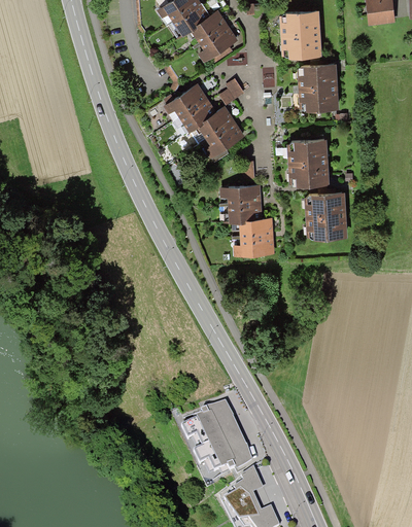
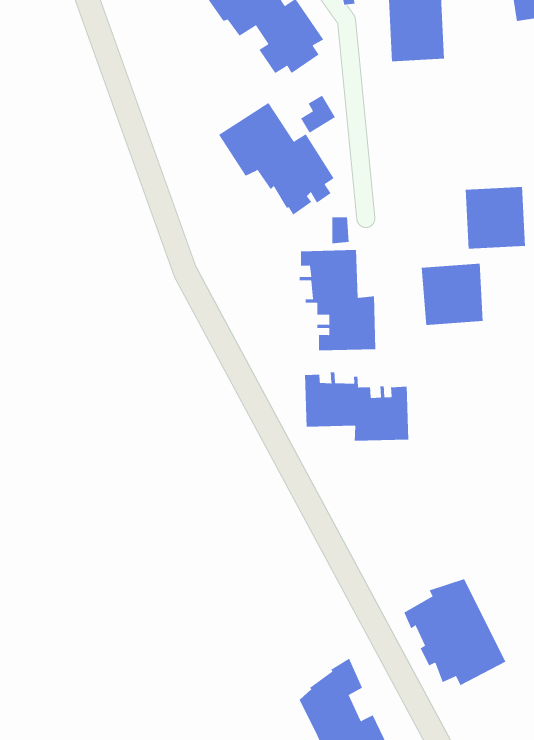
building: [298,63,340,107] -> none
building: [287,141,330,184] -> [465,187,526,249]
building: none -> [305,372,409,442]
building: [183,400,254,475] -> [403,578,506,686]

